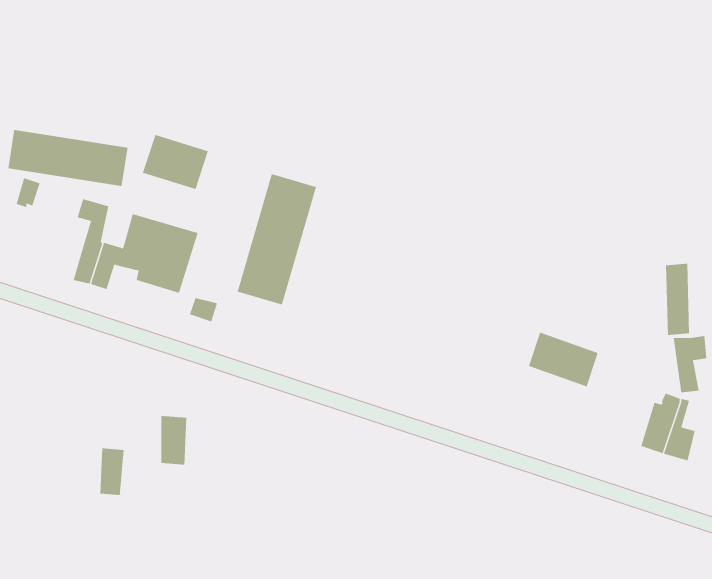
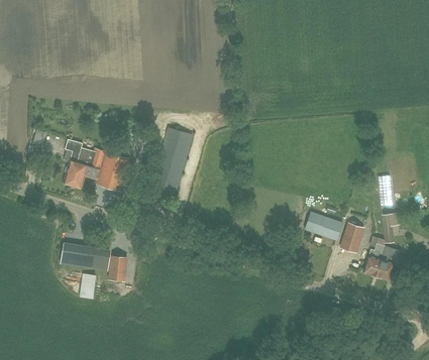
building: [8,129,128,187] -> none
building: [142,134,209,190] -> none
building: none -> [341,224,363,252]
building: none -> [55,241,106,269]

